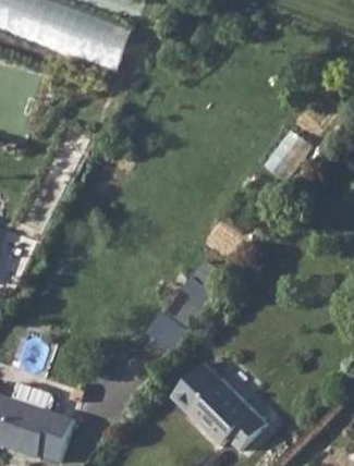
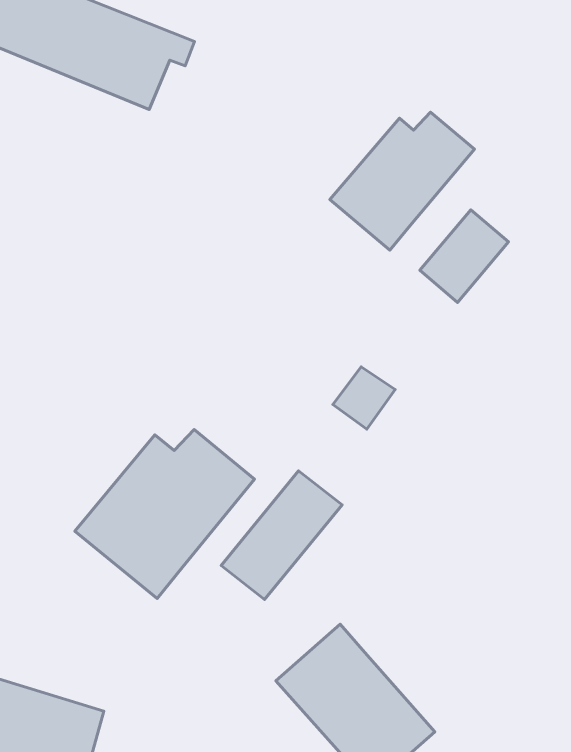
building: none -> [330,112,475,250]
building: none -> [75,430,255,599]

